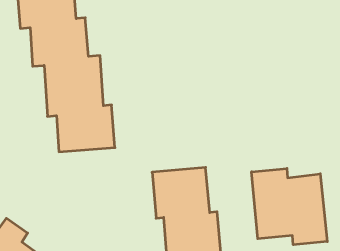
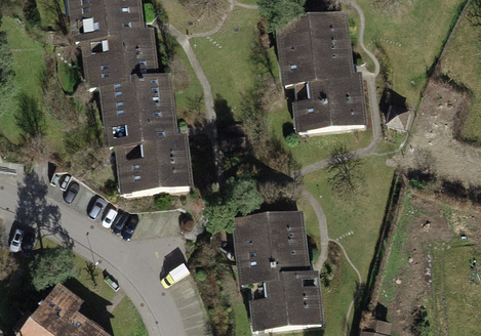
building: none -> [277,15,364,129]
building: [252,168,327,245] -> none

